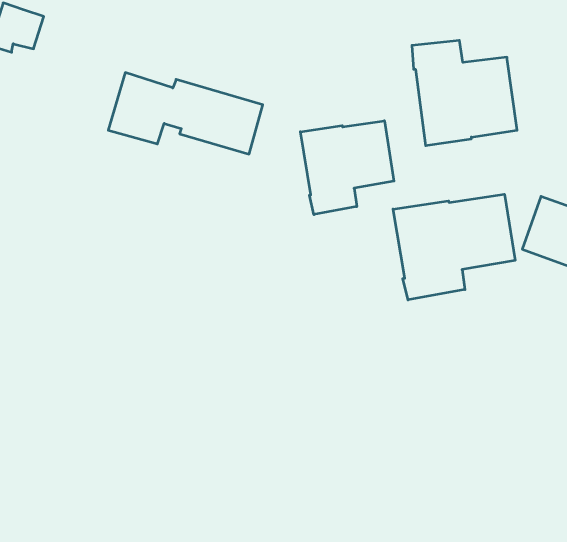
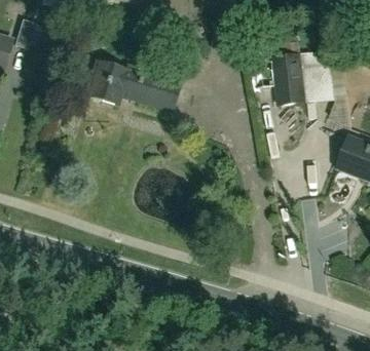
building: [300,121,394,215] -> none
building: [393,194,515,300] -> none

